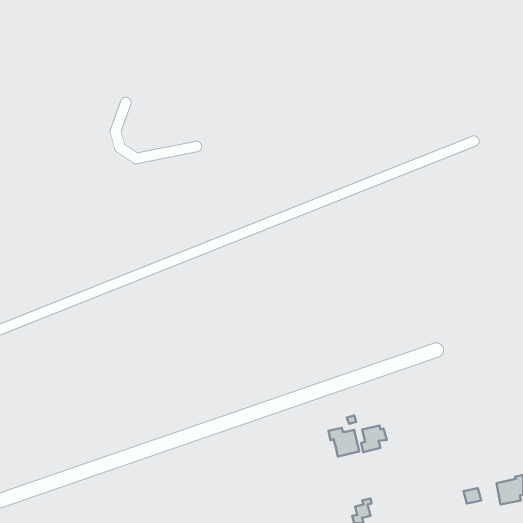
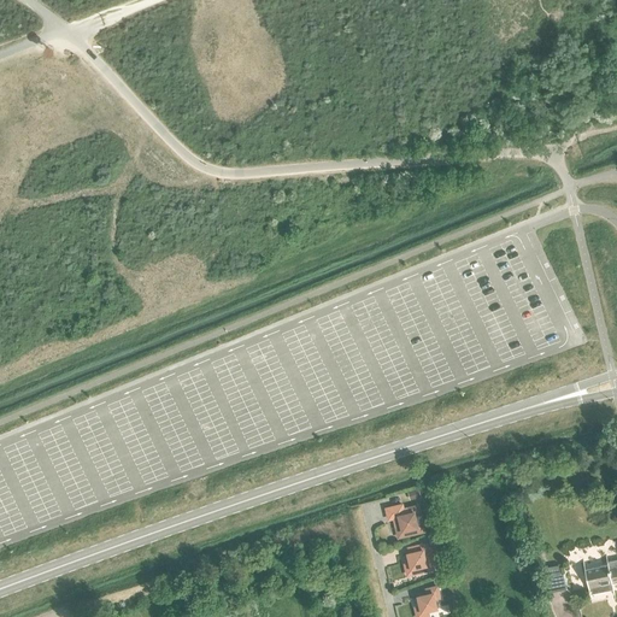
building: [361,425,387,452] -> [405,543,435,575]

